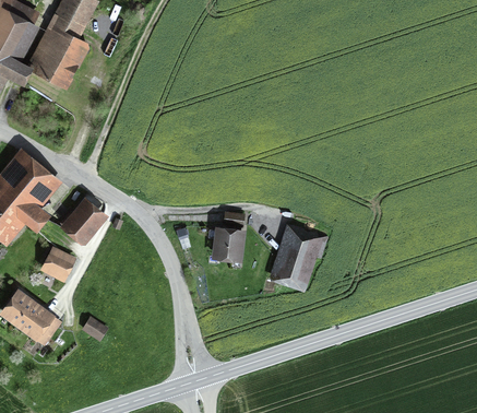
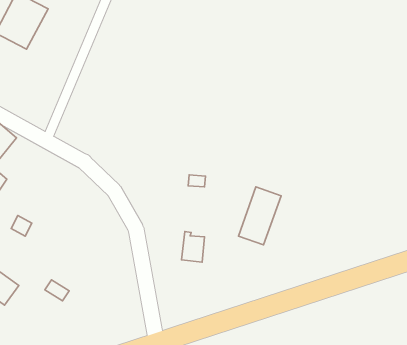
building: [62,204,103,241] -> none
building: [217,228,240,259] -> [181,231,204,262]

